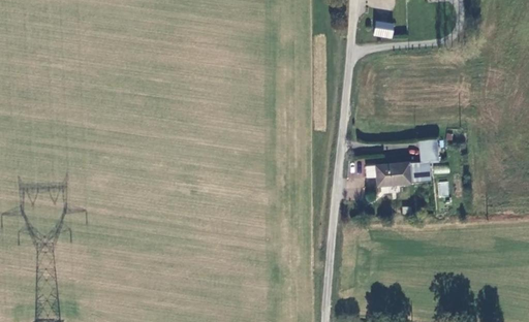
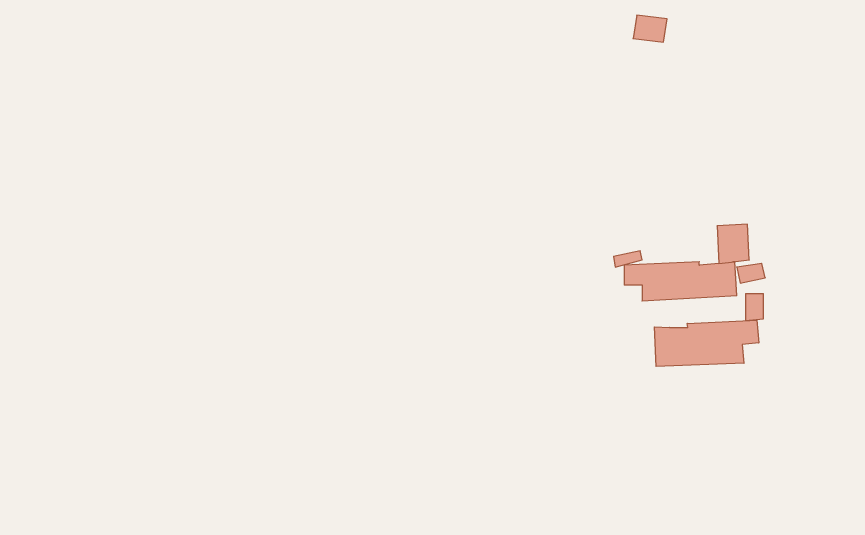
building: none -> [654,320,759,366]

